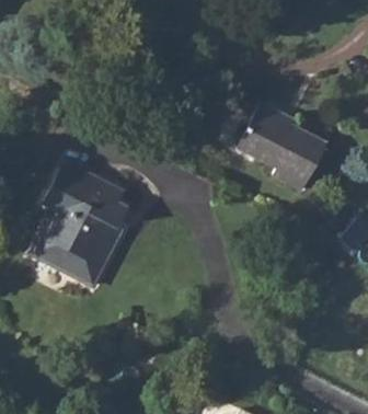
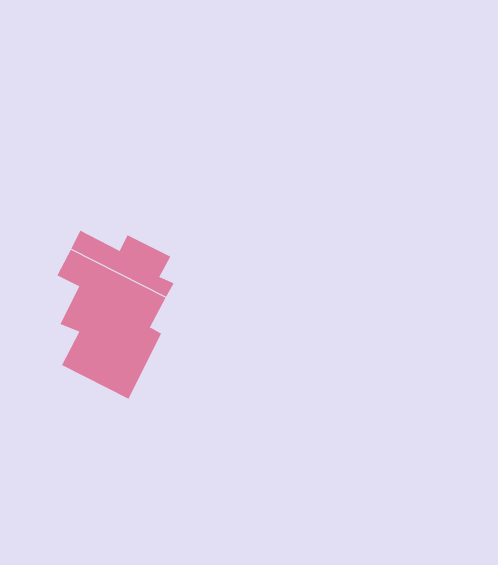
building: [233,102,325,189] -> none

